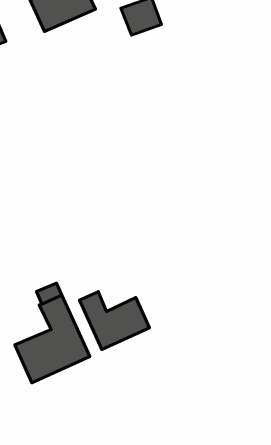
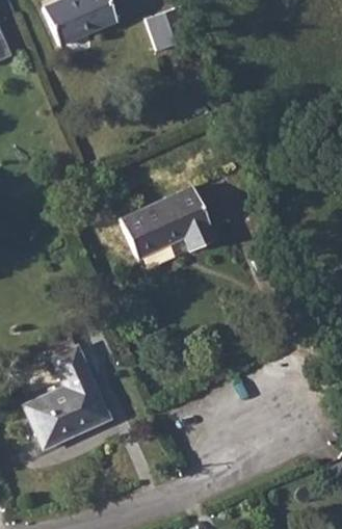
building: none -> [121,187,217,258]
building: [79,292,150,349] -> none

